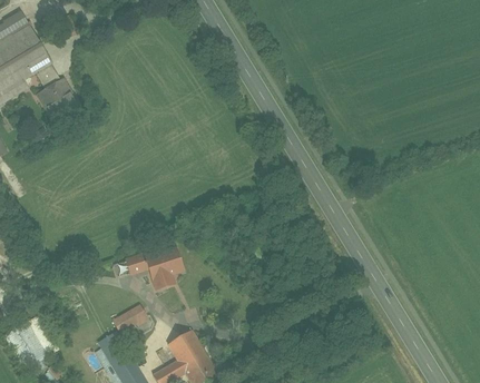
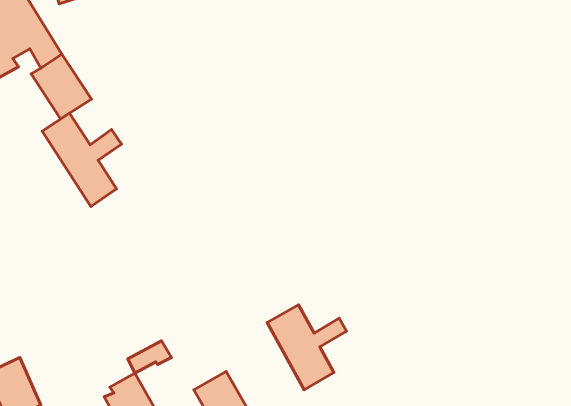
building: none -> [42,113,121,206]
building: [127,246,183,289] -> none
building: none -> [267,305,347,390]

